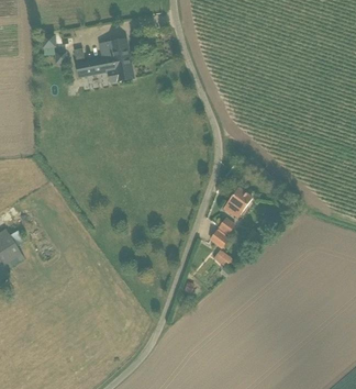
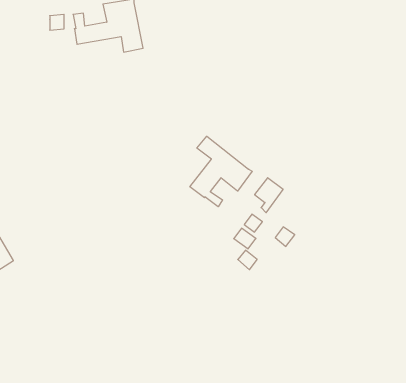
building: none -> [190,136,252,207]

